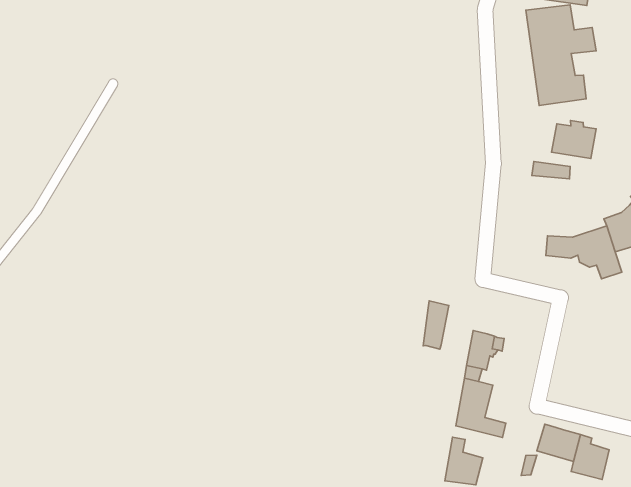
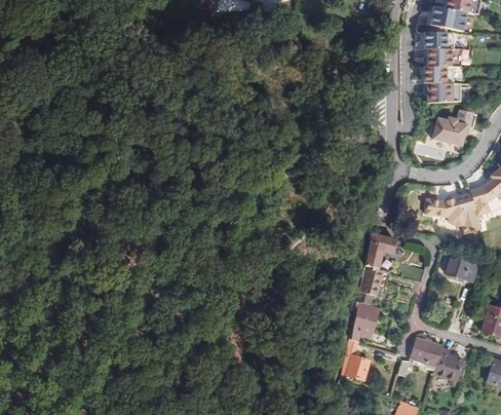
building: [423,301,449,349] -> [365,233,386,269]
building: none -> [446,255,477,281]

